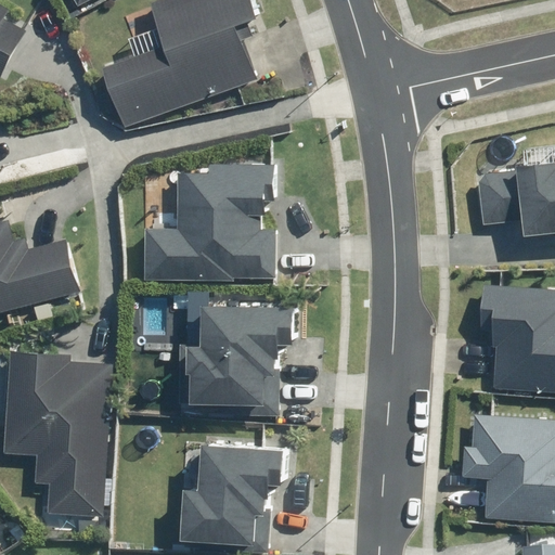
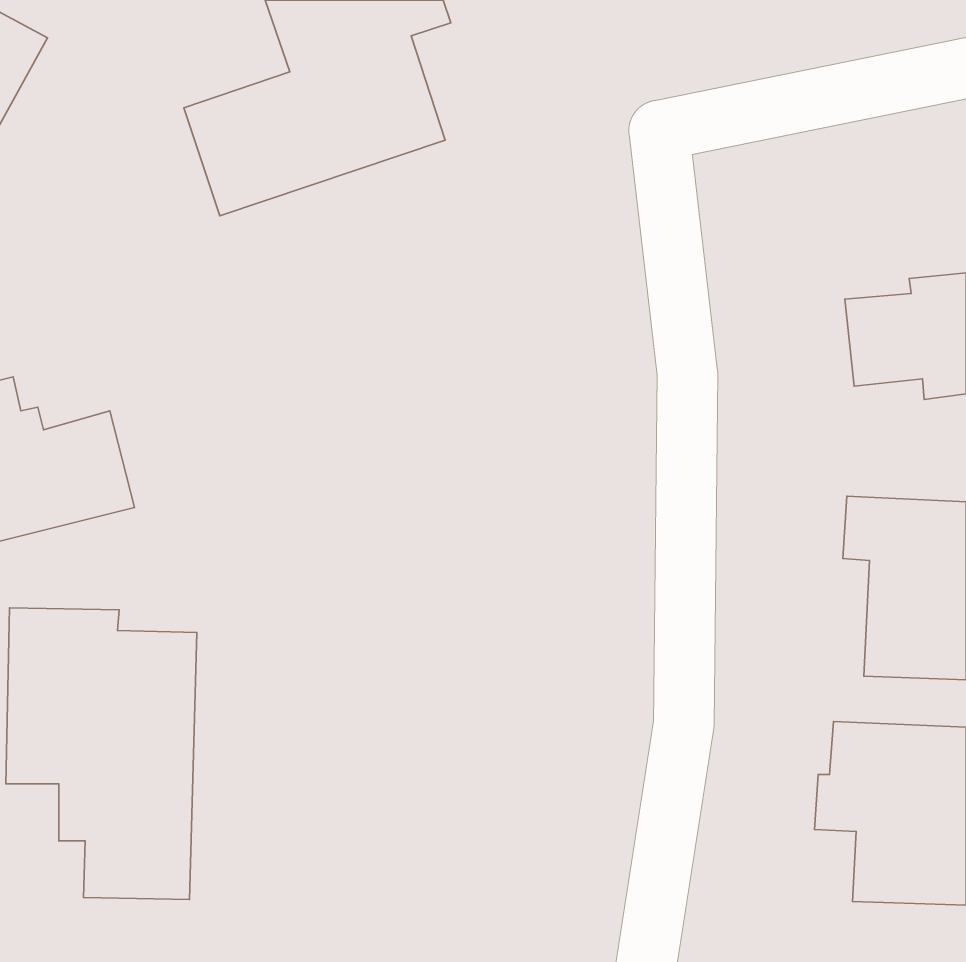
building: [141,164,276,286] -> none
building: [181,301,293,418] -> none
building: [177,440,283,543] -> none

